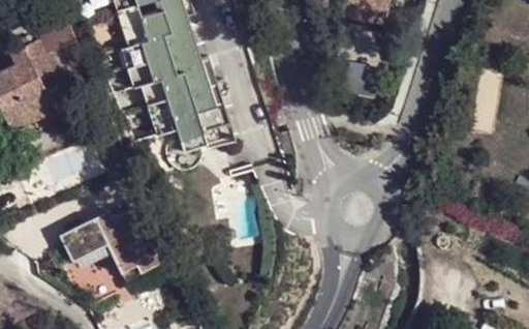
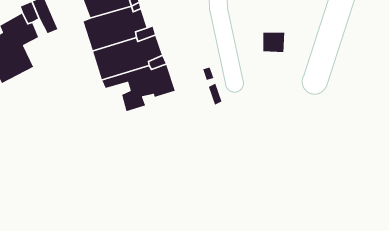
building: [57,212,155,281] -> none

